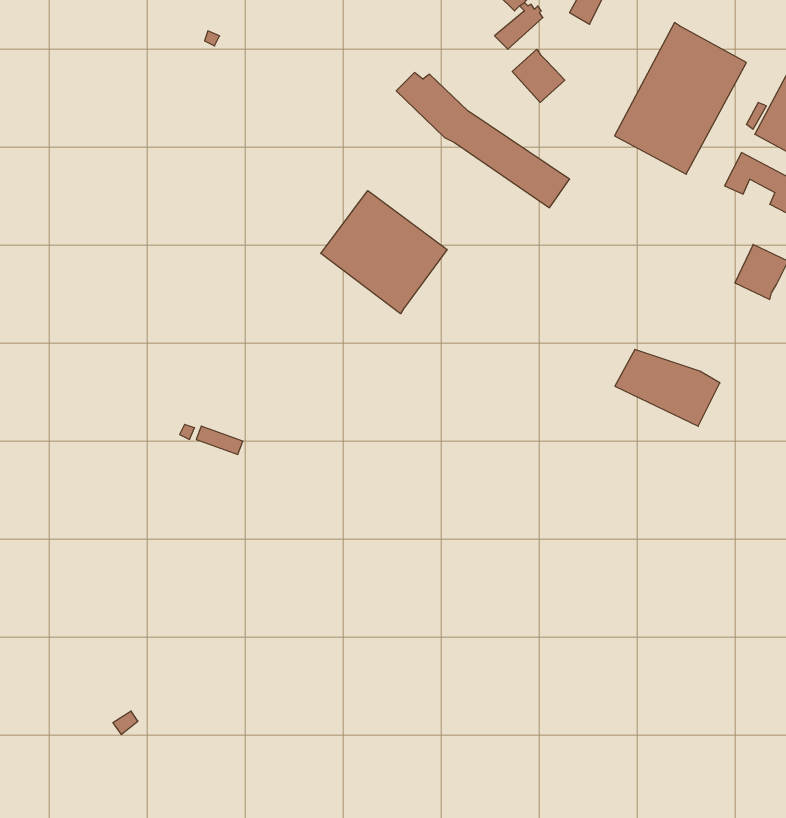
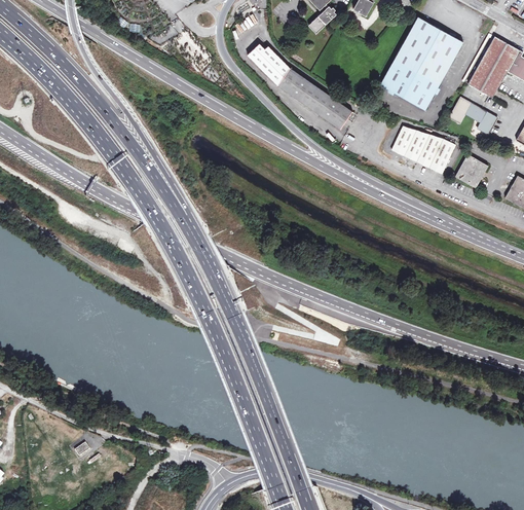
building: [512,49,565,102] -> none
building: [321,191,447,314] -> none
building: [615,350,720,426] -> [392,126,457,174]

